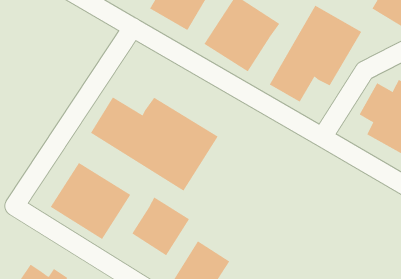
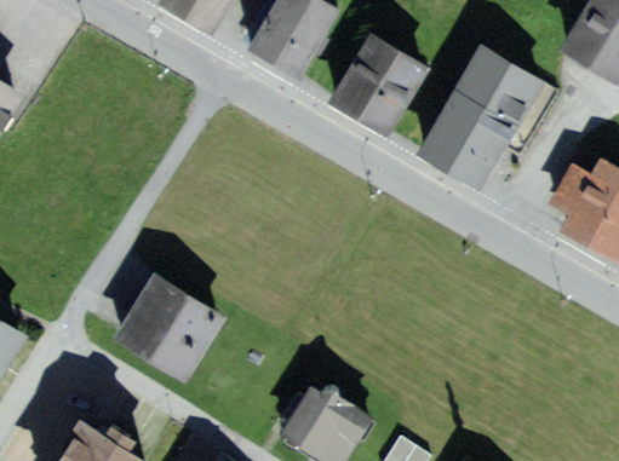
building: [90,96,219,191] -> none
building: [131,197,190,256] -> none

